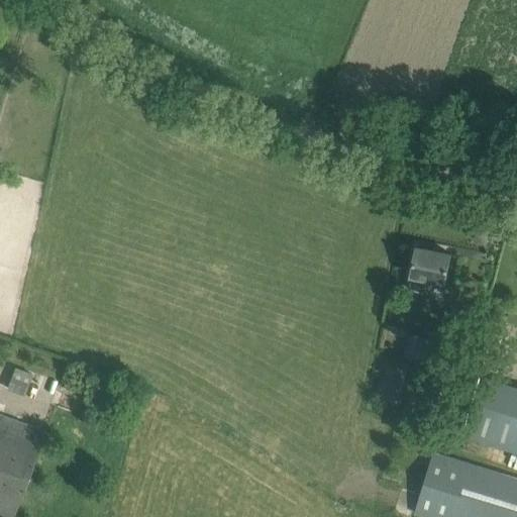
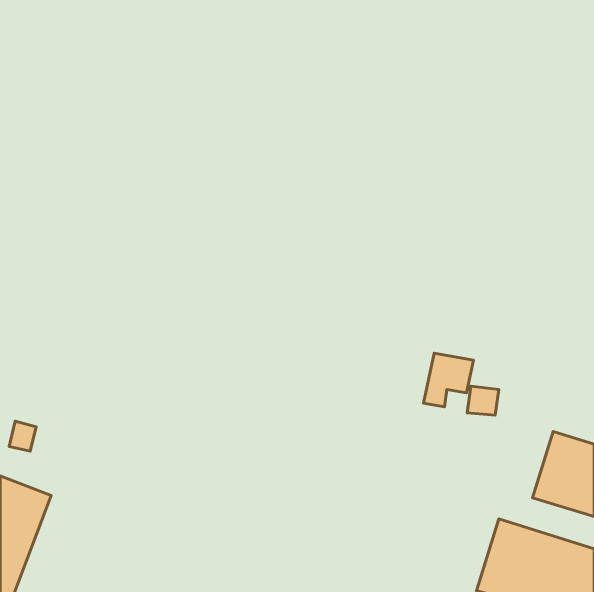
building: [408,248,451,295] -> [424,353,474,407]

